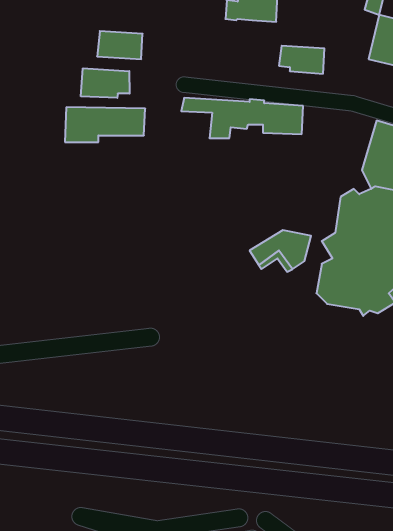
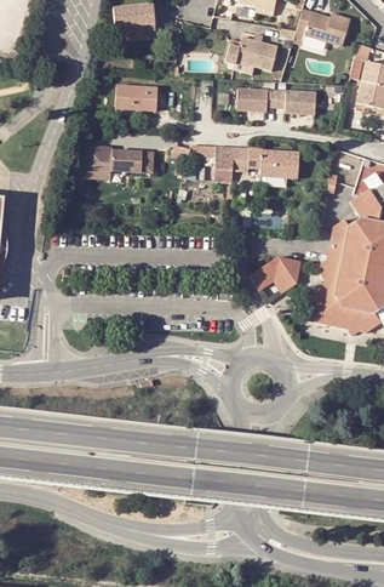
building: none -> [237,89,279,113]
building: [81,68,130,98] -> none

